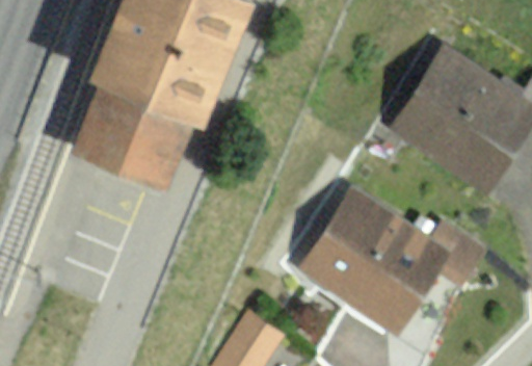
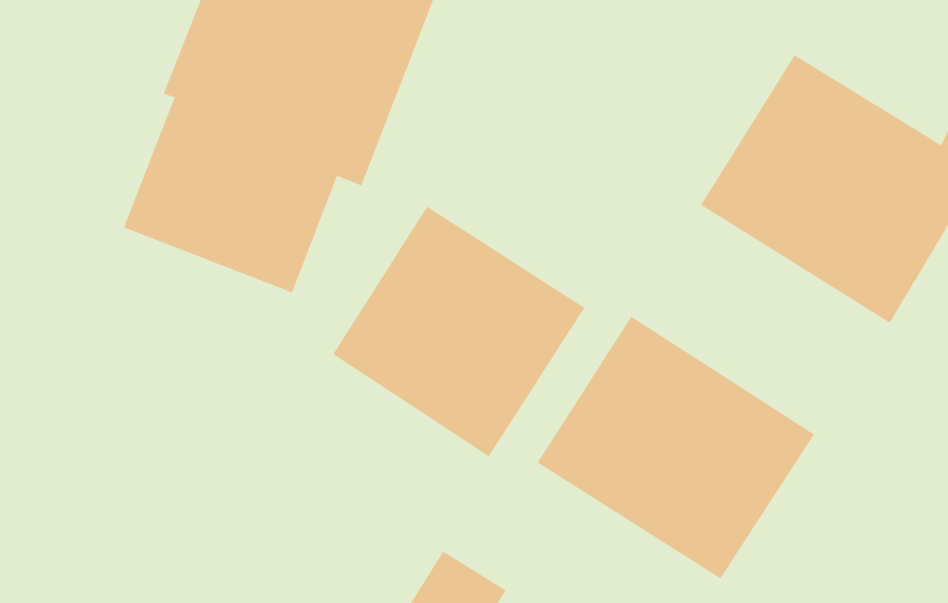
building: none -> [332,206,585,457]

